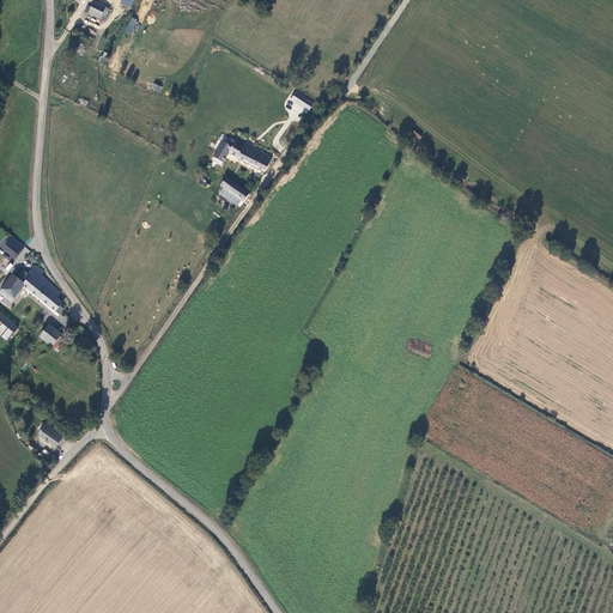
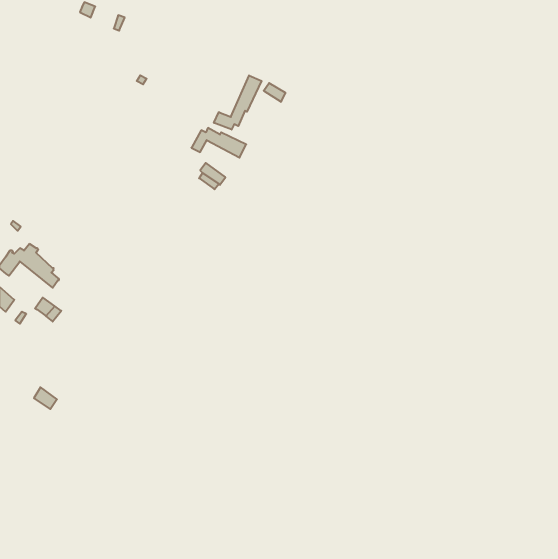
building: none -> [214,75,262,130]

